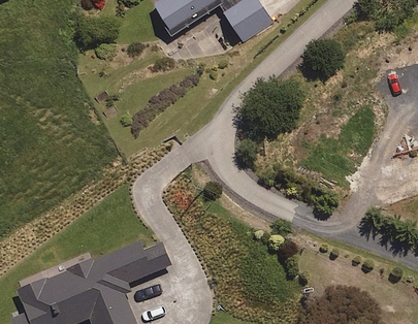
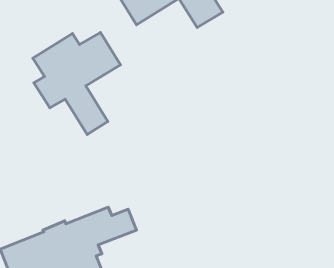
building: none -> [33,33,121,135]

